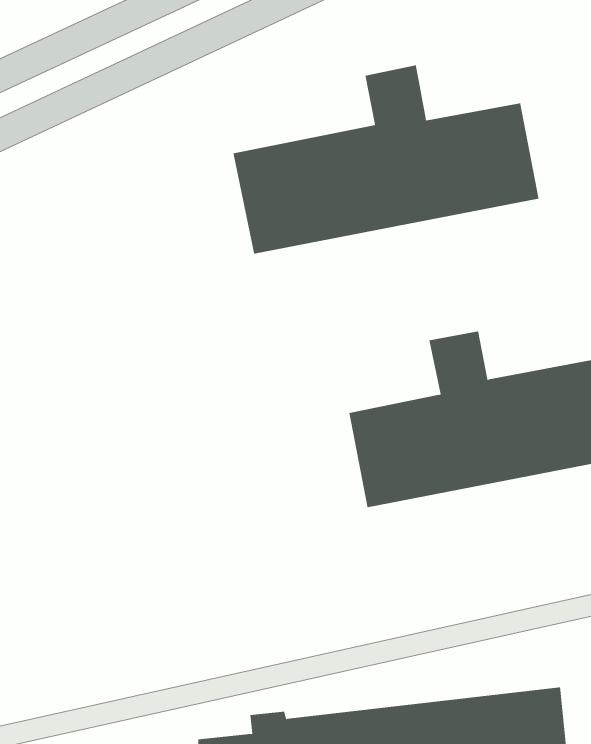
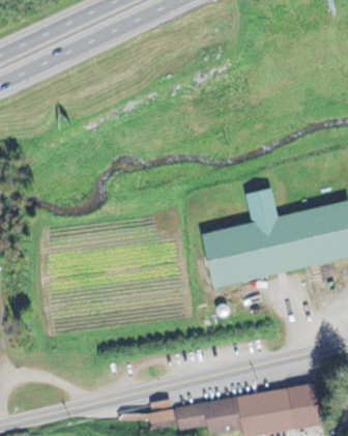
building: [233,65,539,255] -> none

